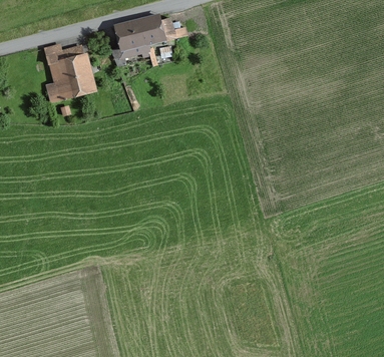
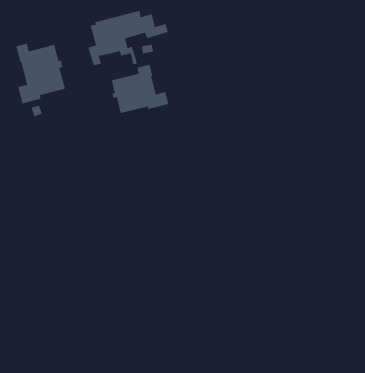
building: none -> [111,64,169,114]

